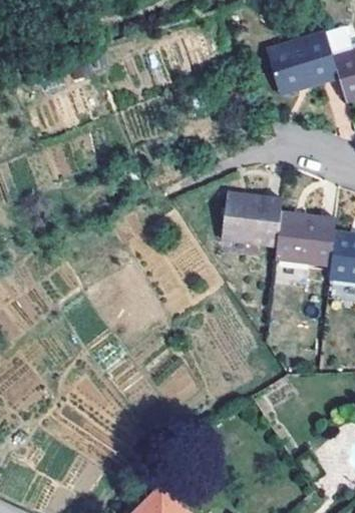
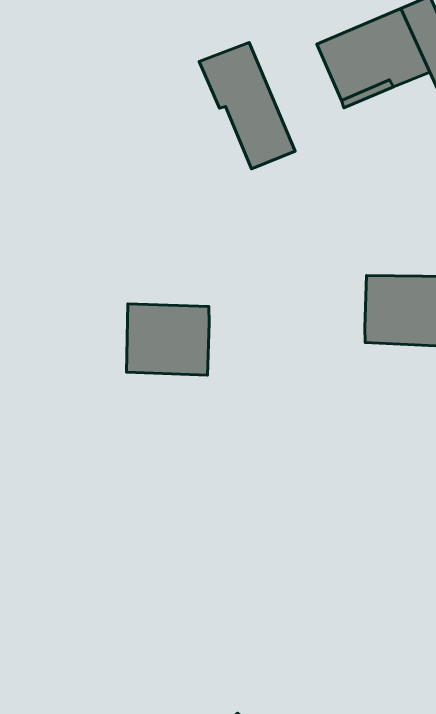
building: none -> [199,43,295,169]
building: [221,191,280,244] -> [127,304,209,375]

